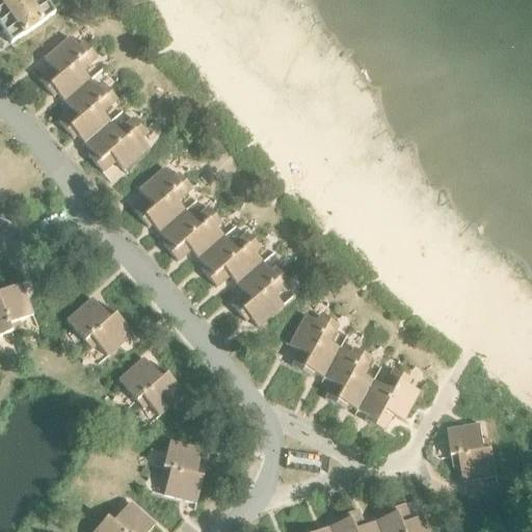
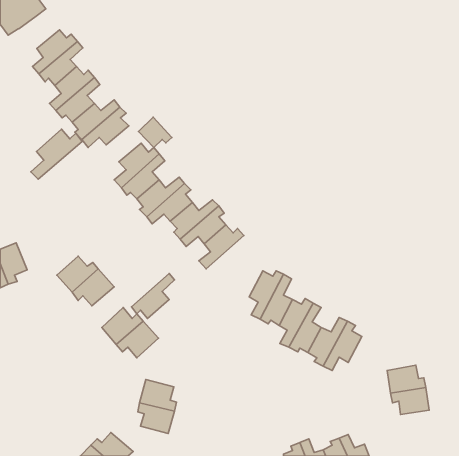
building: none -> [138,117,172,148]
building: none -> [31,129,82,179]
building: [239,272,289,324] -> [131,273,175,318]

